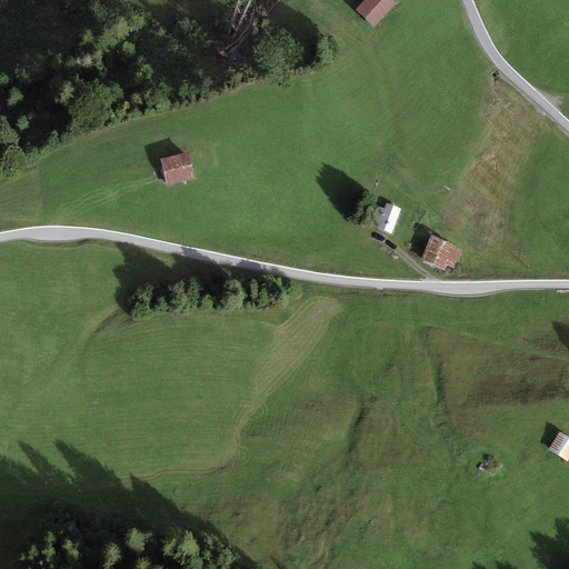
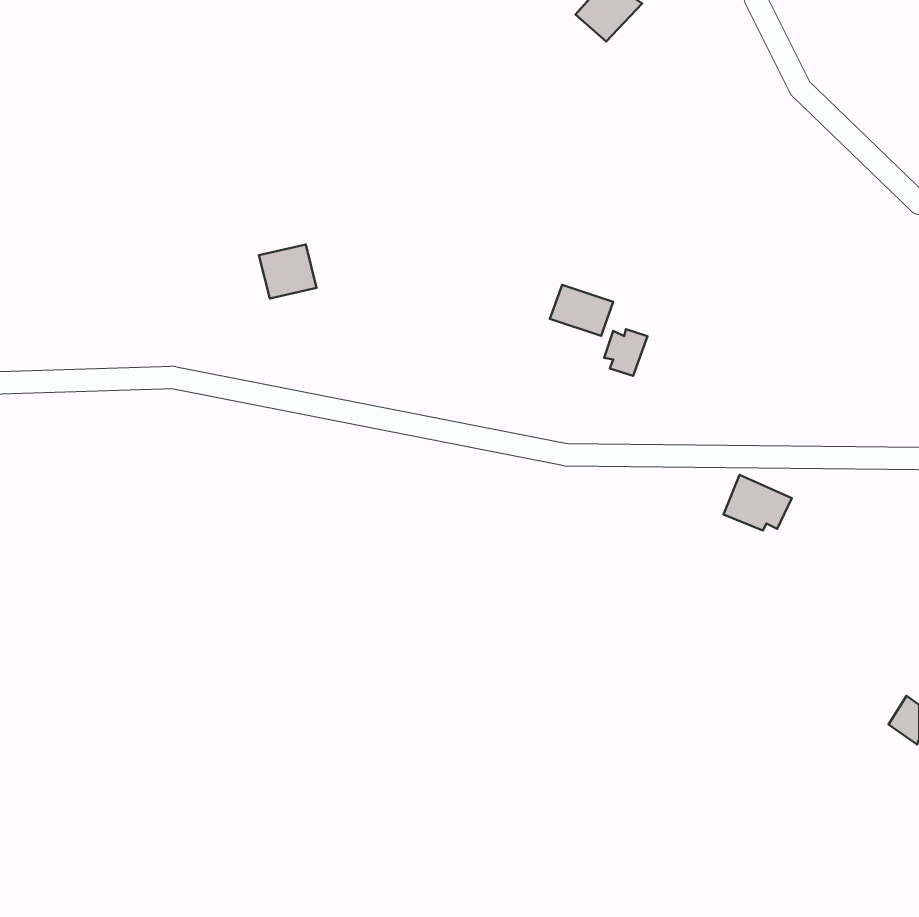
building: none -> [550,285,613,336]
building: [421,234,463,269] -> [723,475,792,531]

